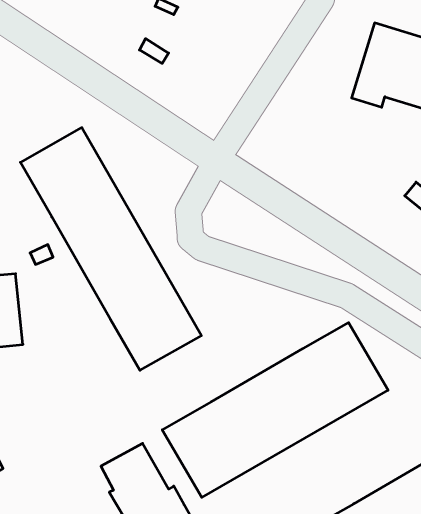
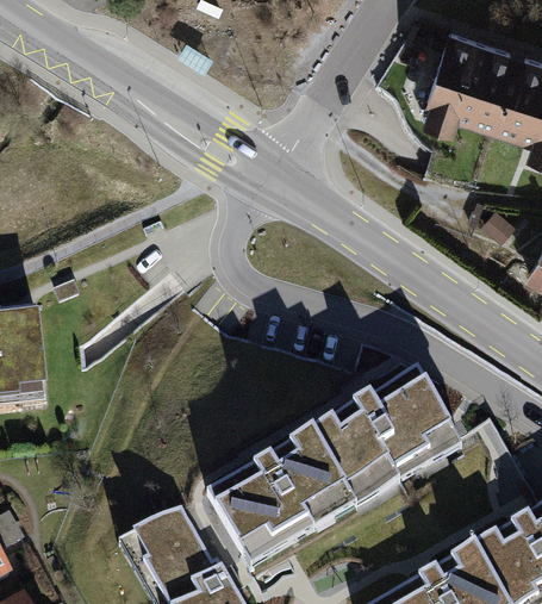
building: [20,128,201,370] -> none

